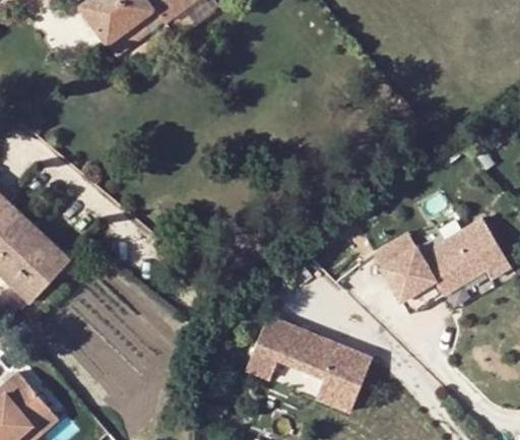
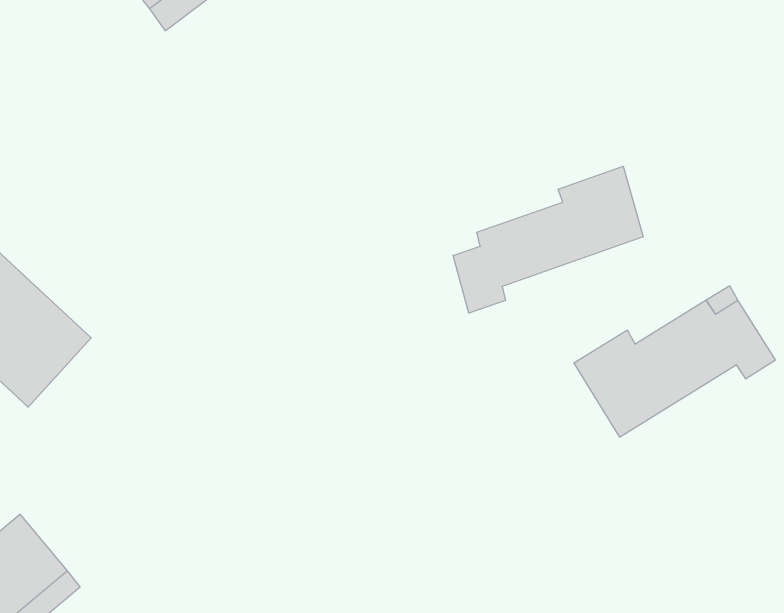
building: none -> [453,166,643,313]
building: [243,320,369,414] -> none

